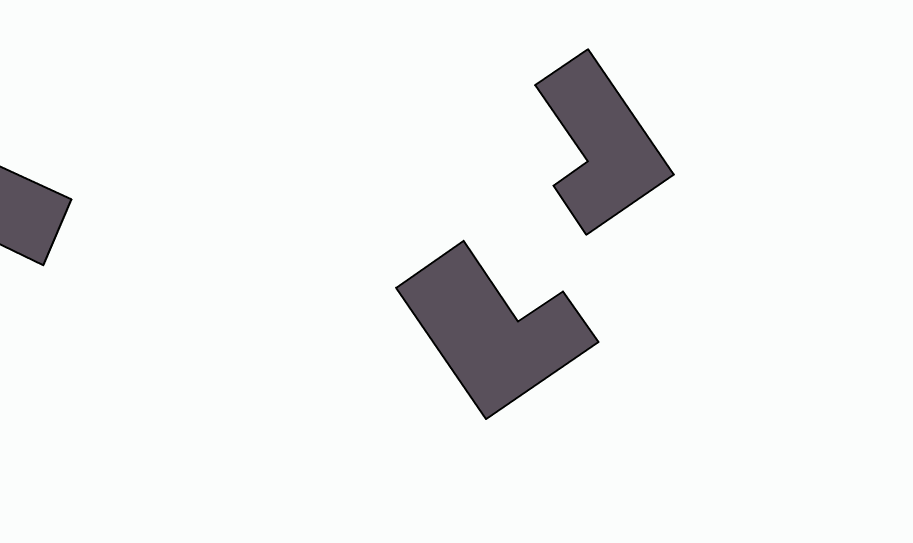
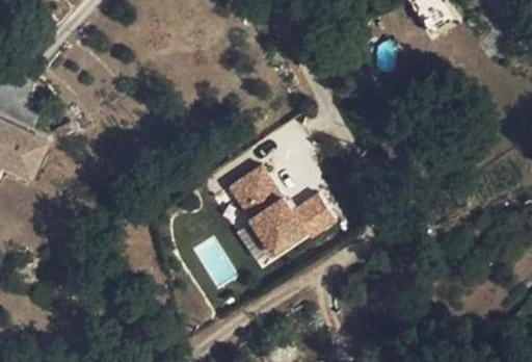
building: [535,49,674,235] -> none

